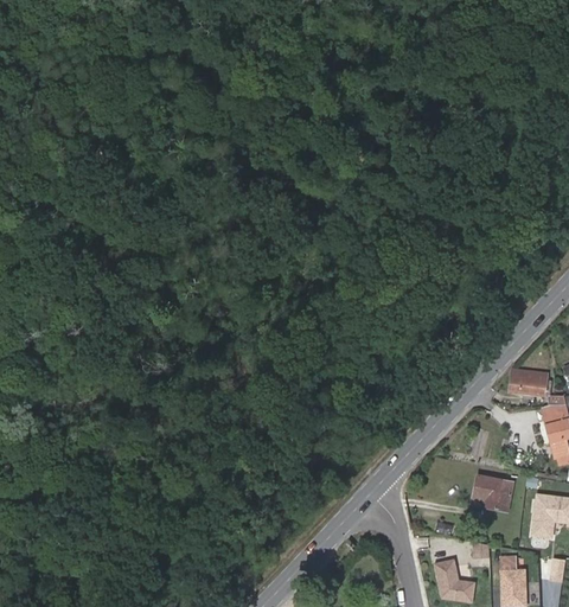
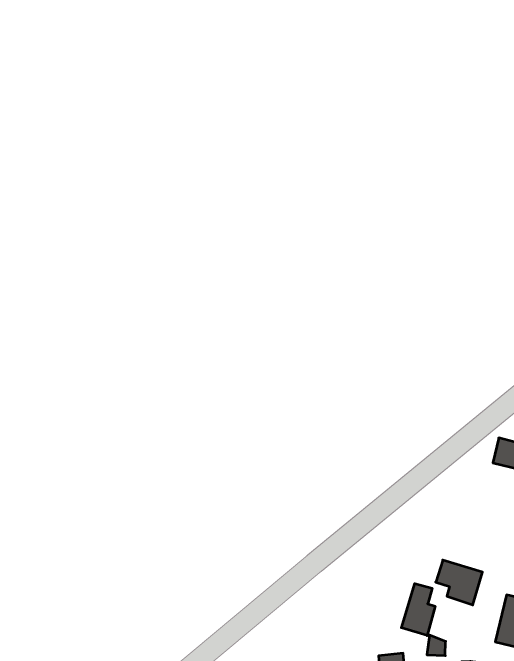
building: none -> [401,584,435,636]

